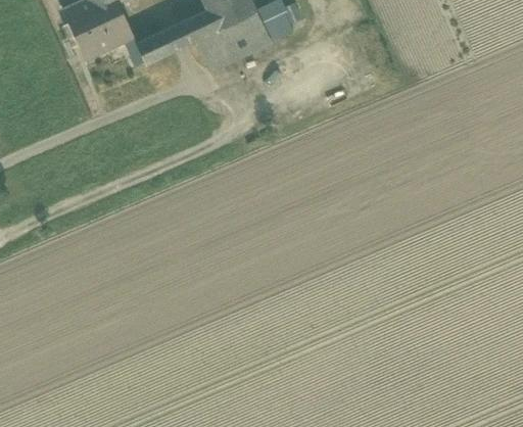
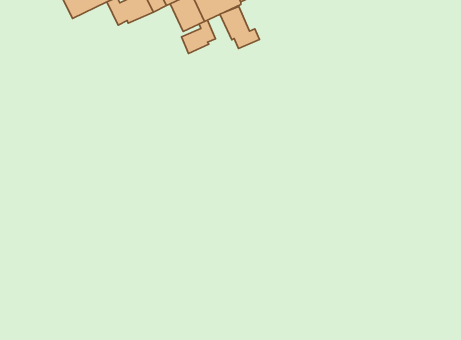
building: none -> [220,7,260,49]
building: none -> [182,20,215,53]

